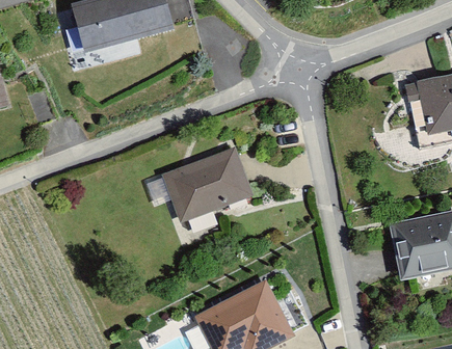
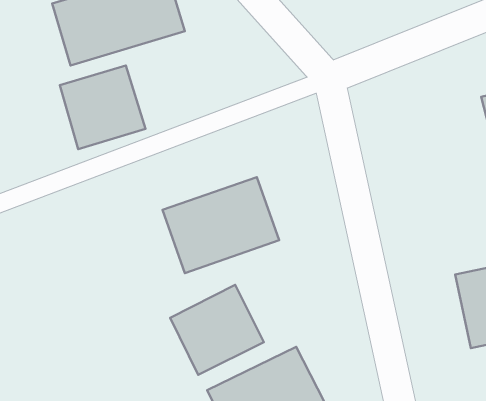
building: none -> [60,65,146,149]
building: none -> [170,285,264,375]

